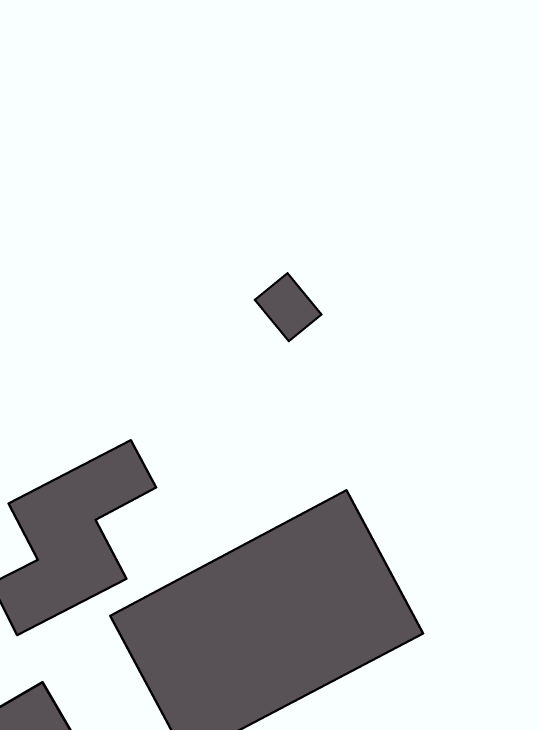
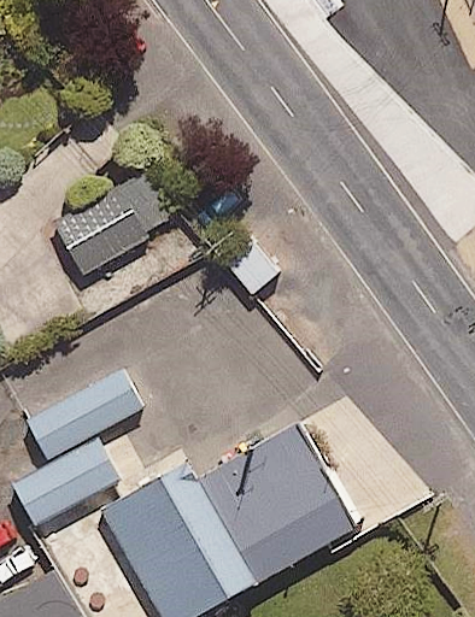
building: none -> [55,171,174,272]

